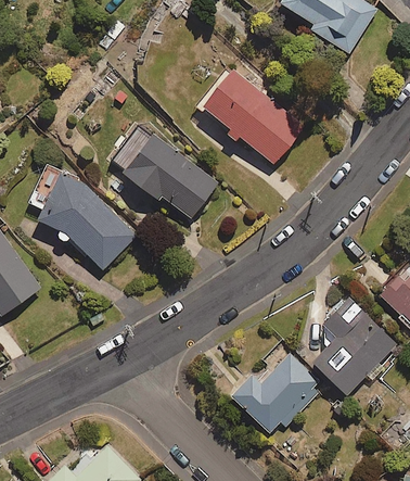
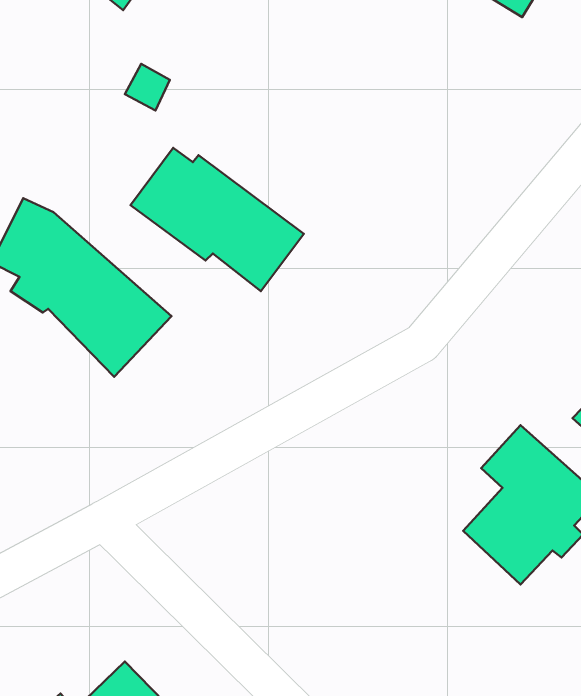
building: [196,66,299,162] -> none
building: [233,353,324,436] -> none

